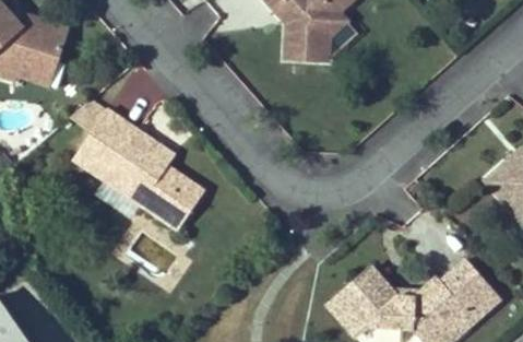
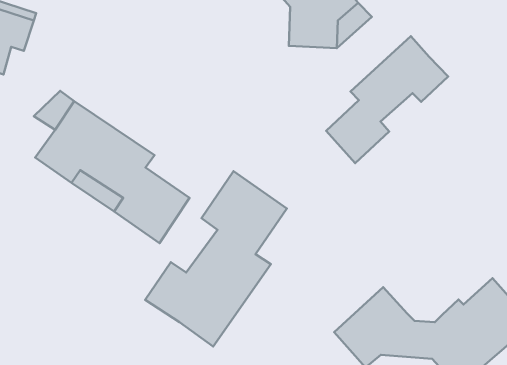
building: none -> [326,36,448,163]
building: none -> [145,171,287,346]

